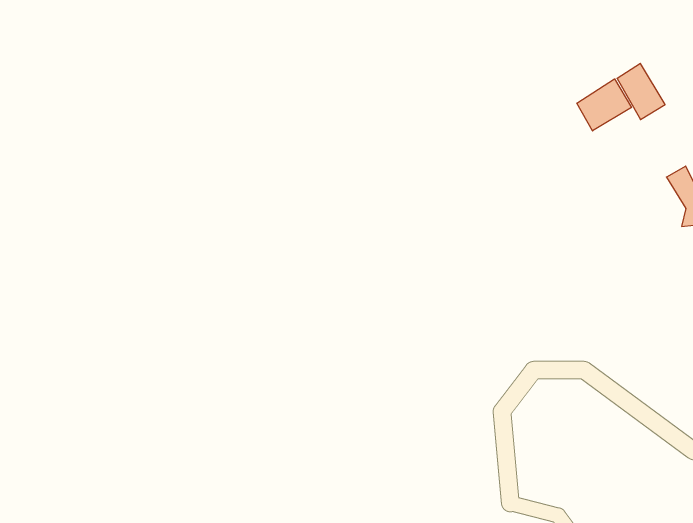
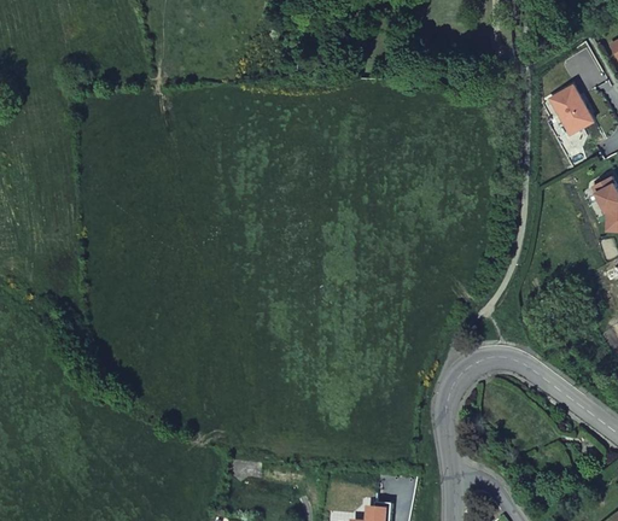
building: [577,79,631,131] -> none

